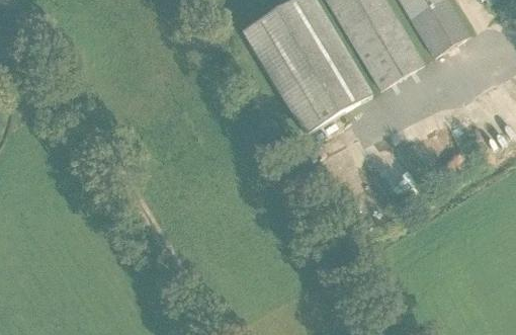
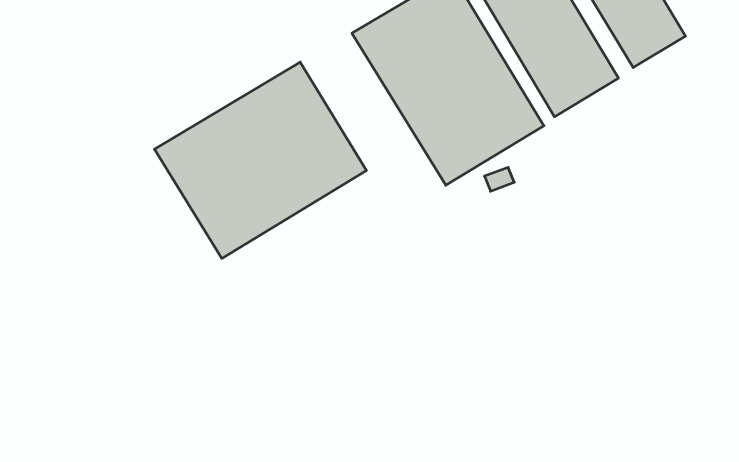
building: none -> [154,62,366,258]

